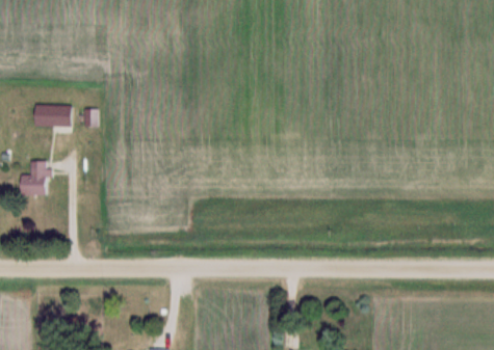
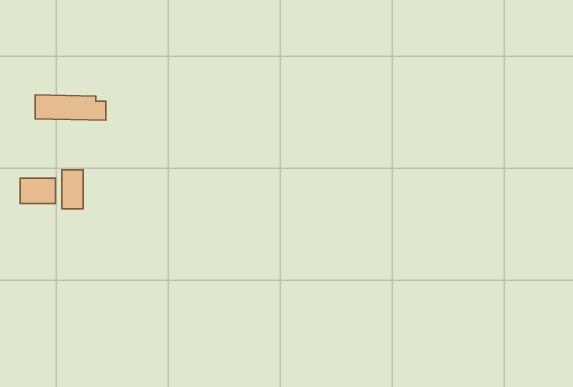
building: none -> [62,170,83,209]

